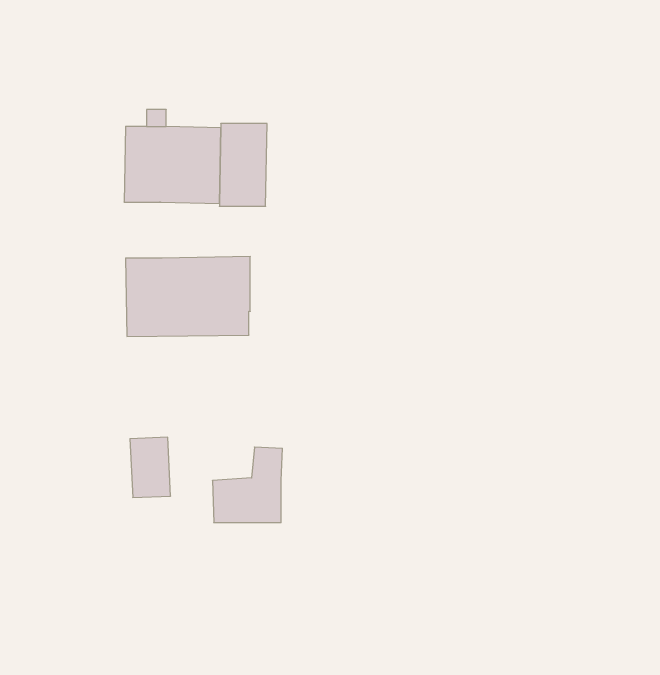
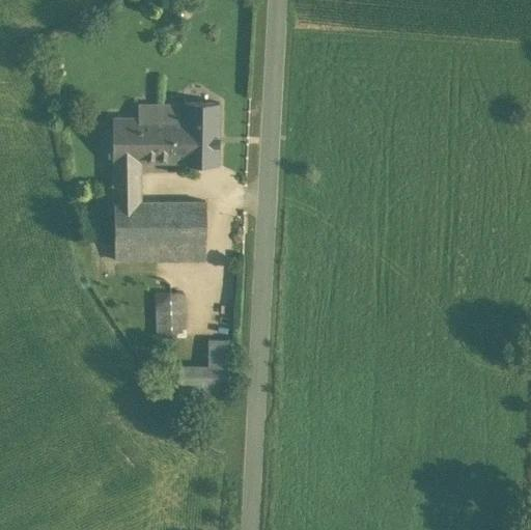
building: none -> [112,161,139,202]
building: [130,437,171,497] -> [155,292,185,337]

